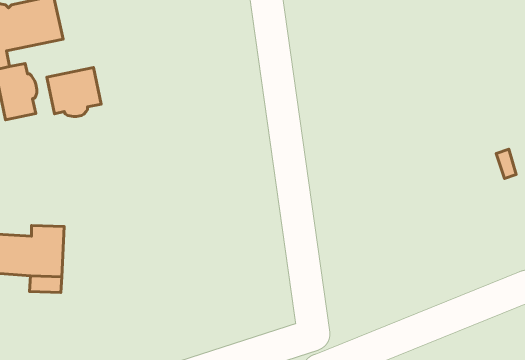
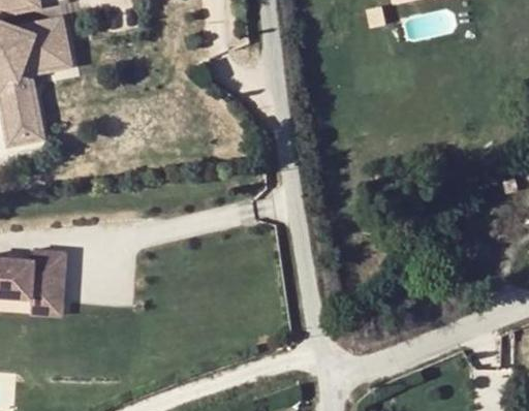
building: [47,68,101,117] -> none

